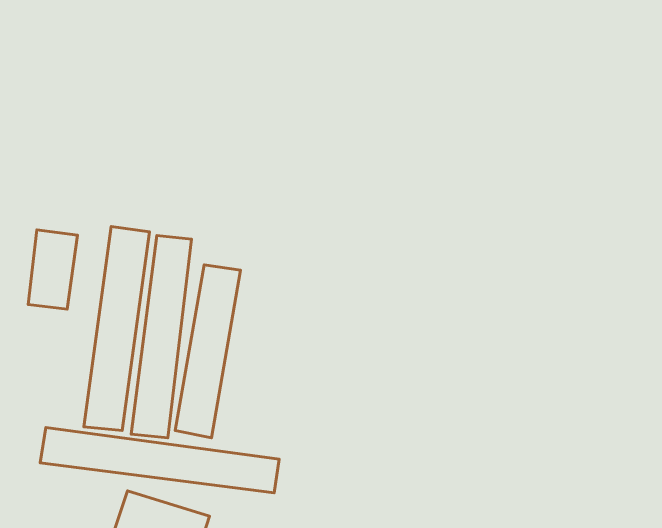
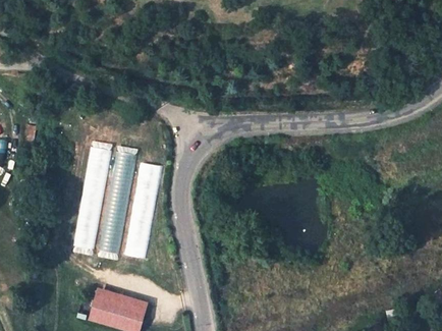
building: [28,230,77,309] -> none
building: [40,427,279,493] -> none

